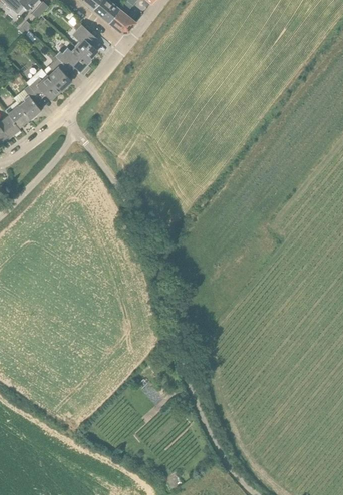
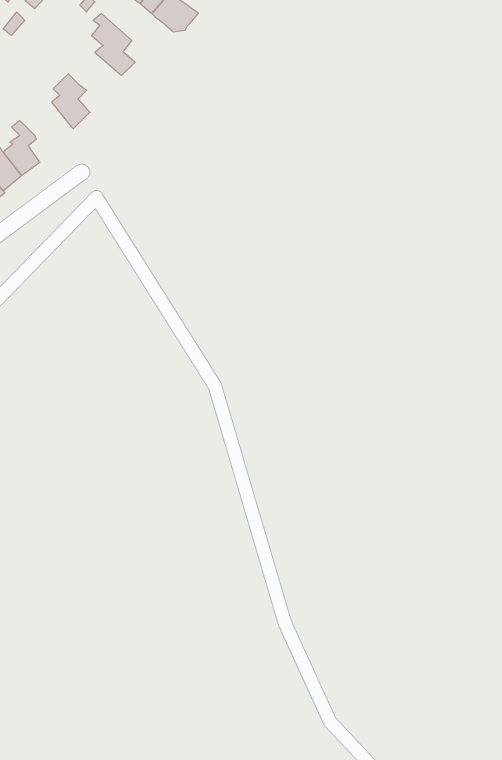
building: [55,46,91,74] -> none
building: [27,74,60,99] -> none

